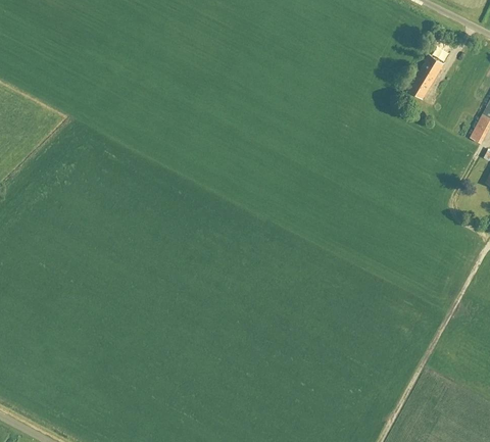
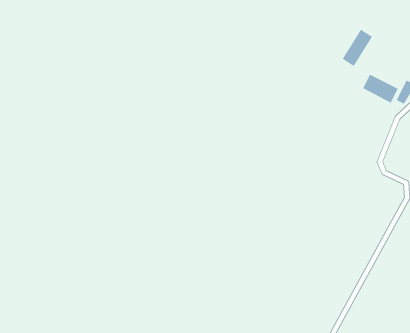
building: none -> [362,74,398,103]

